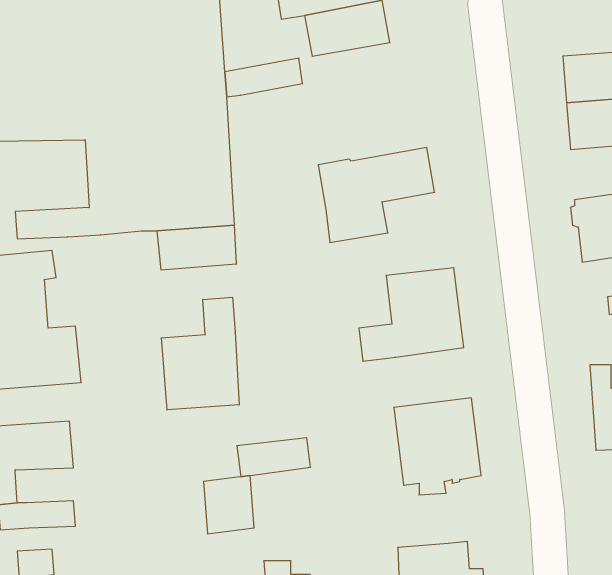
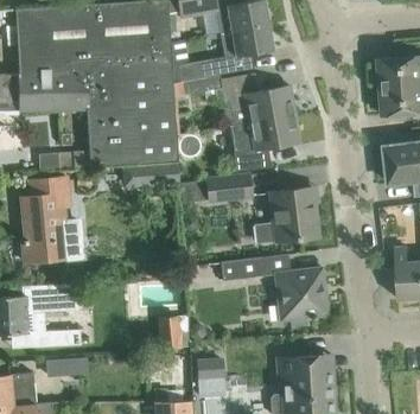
building: none -> [221,74,295,122]
building: none -> [206,174,252,200]
building: [161,297,239,410] -> none
building: [237,438,311,477] -> [221,257,266,281]

